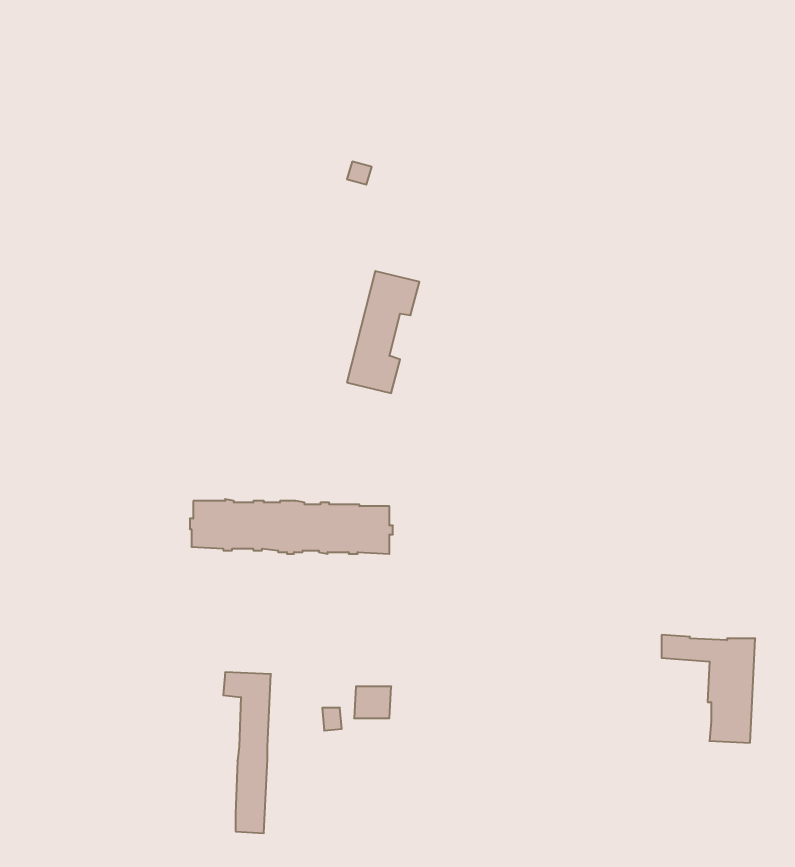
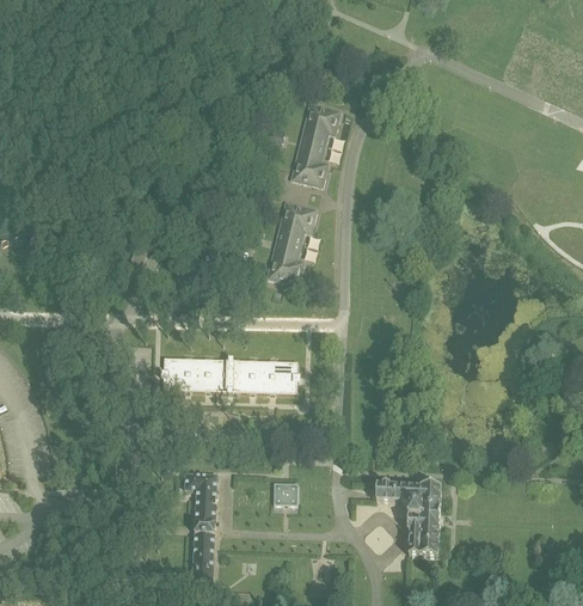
building: none -> [292,104,340,186]
building: [662,635,755,743] -> [376,484,440,557]

